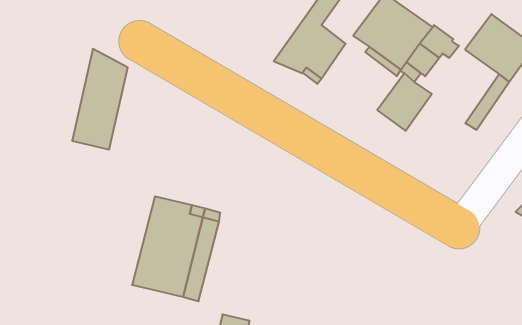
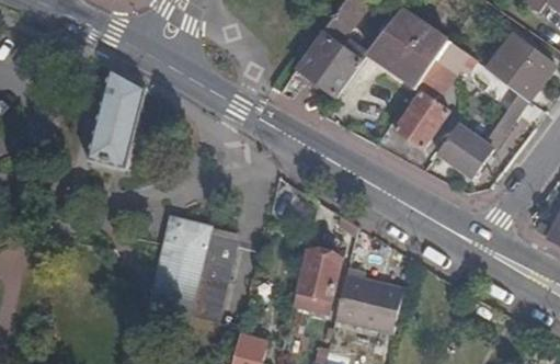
building: none -> [437,124,495,181]
building: none -> [299,248,341,297]
building: none -> [334,268,403,331]

